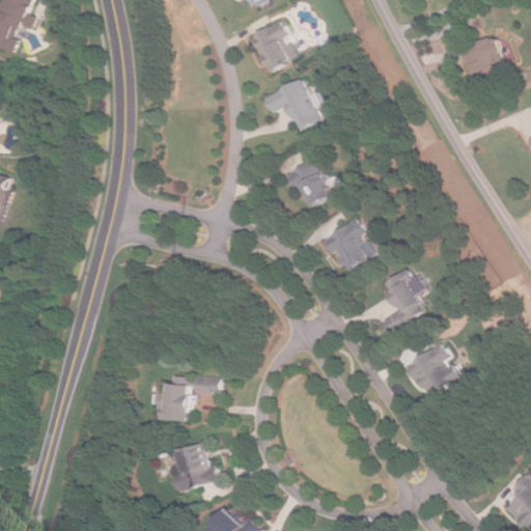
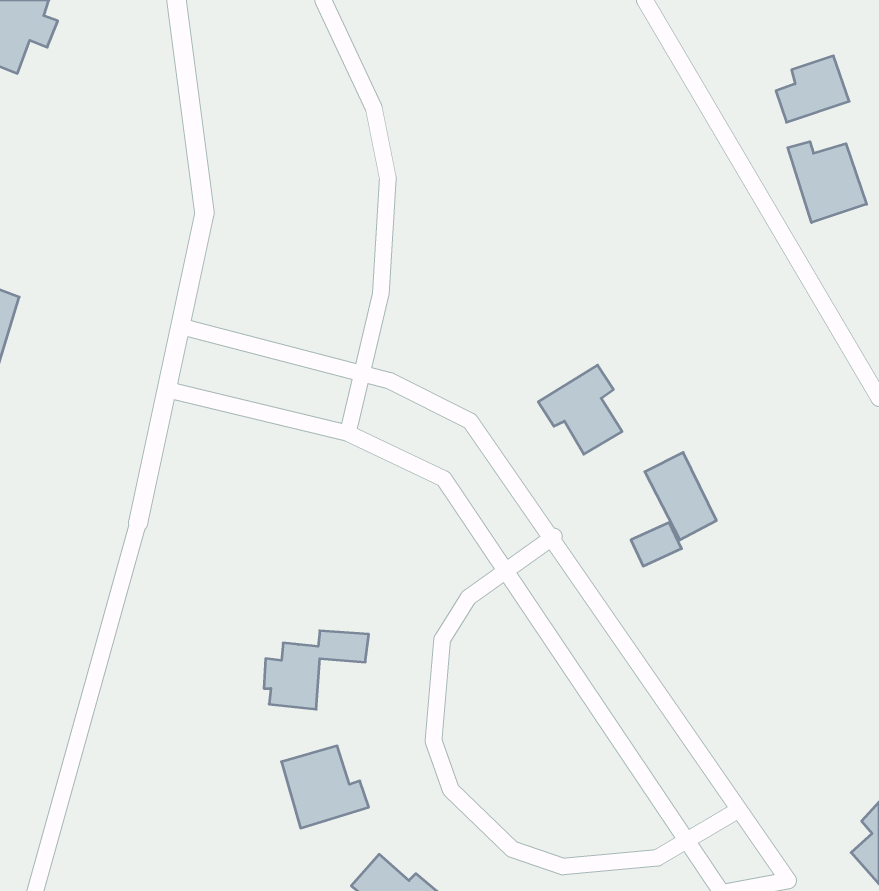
building: [249,20,298,72] -> none
building: [262,79,319,131] -> none
building: none -> [788,142,867,223]
building: [285,160,339,206] -> none
building: [402,342,460,398] -> none

